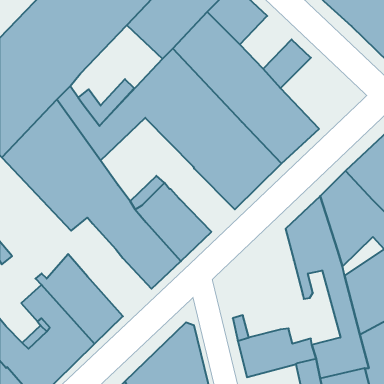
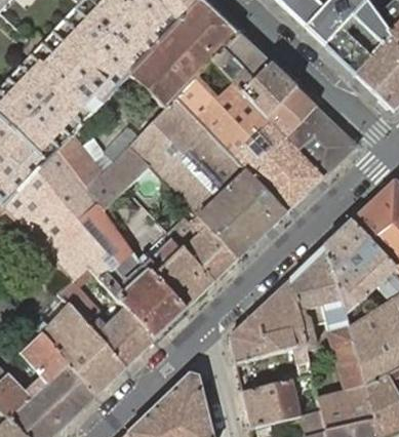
building: none -> [244,63,296,116]
building: none -> [285,105,357,176]
building: none -> [174,214,239,280]
building: none -> [59,266,155,365]
building: none -> [230,277,312,379]

